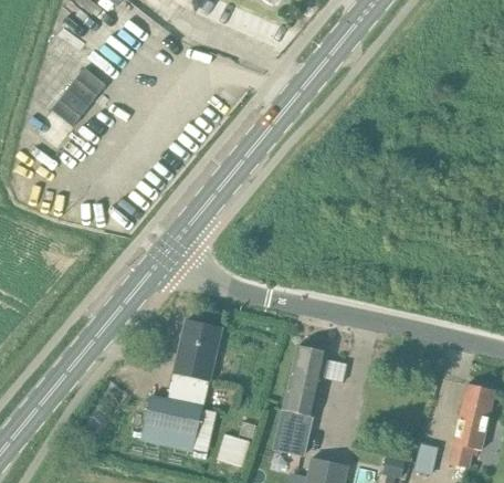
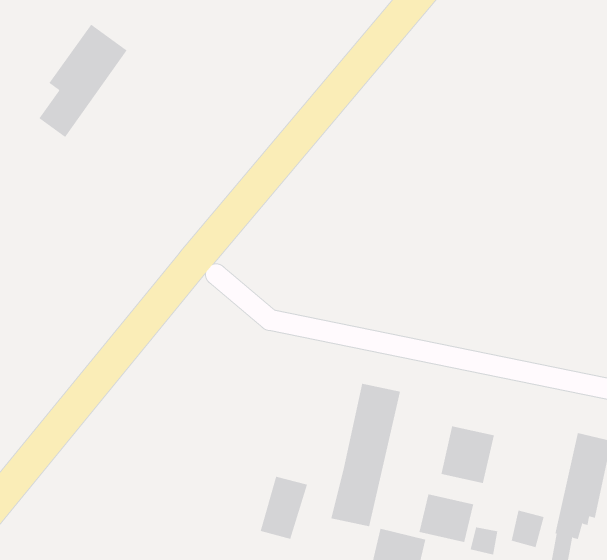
building: [139,318,220,450] -> none
building: none -> [441,425,494,484]
building: none -> [419,493,474,543]

